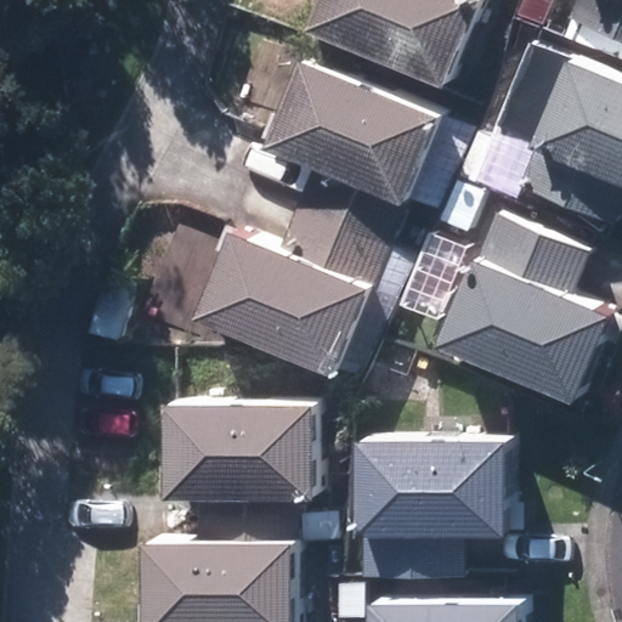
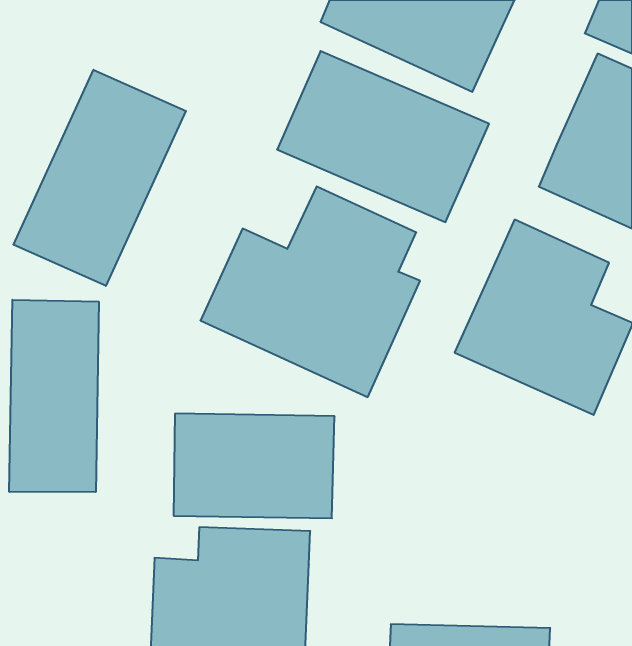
building: none -> [13,70,186,286]
building: none -> [9,300,99,492]
building: [354,440,505,577] -> none

